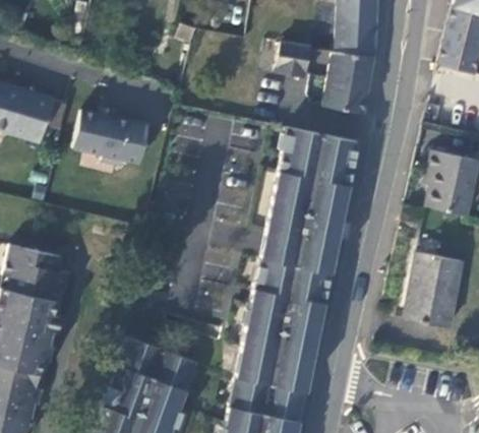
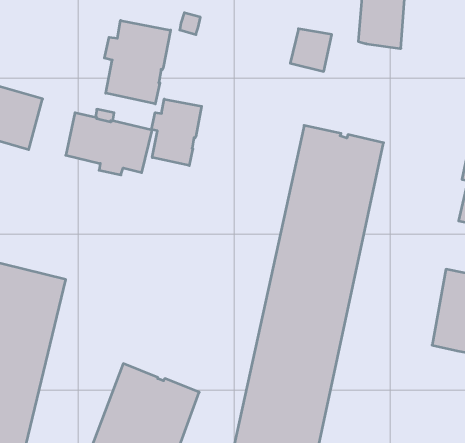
building: none -> [104,20,171,104]
building: [325,50,374,112] -> none
building: none -> [152,99,202,166]

